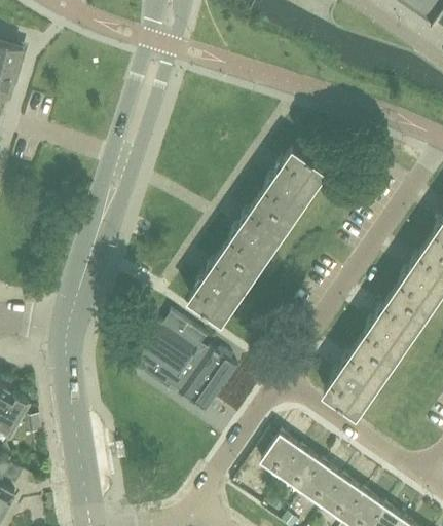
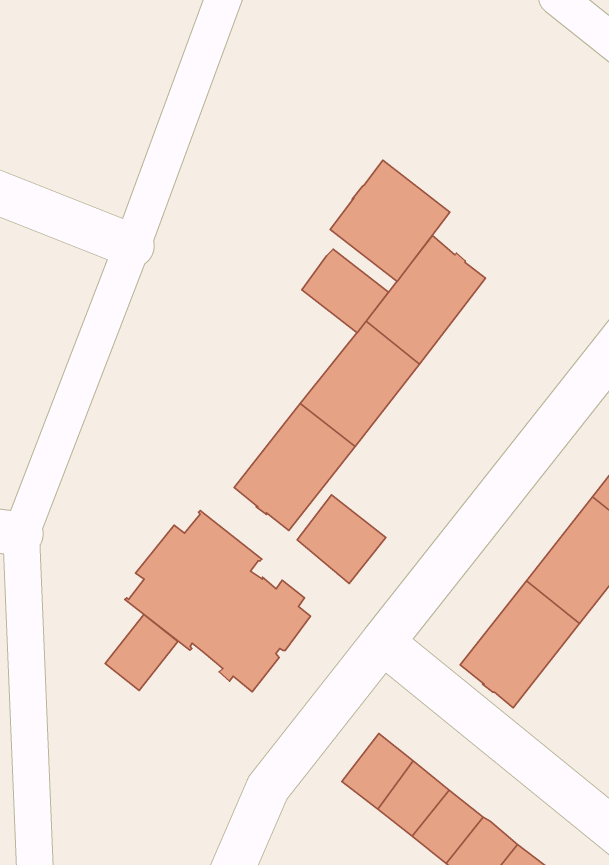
building: none -> [330,160,450,281]
building: none -> [302,249,389,333]
building: none -> [297,495,386,583]
building: none -> [105,614,178,690]

